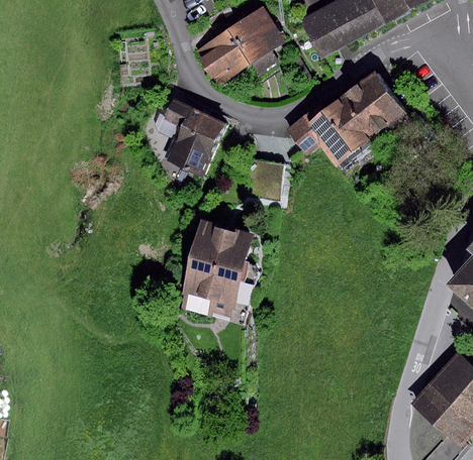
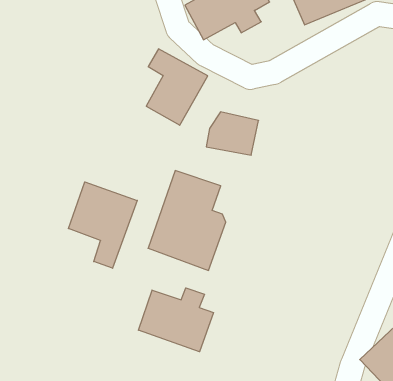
building: [286,71,409,164] -> none
building: none -> [68,182,137,268]
building: none -> [138,288,213,352]

